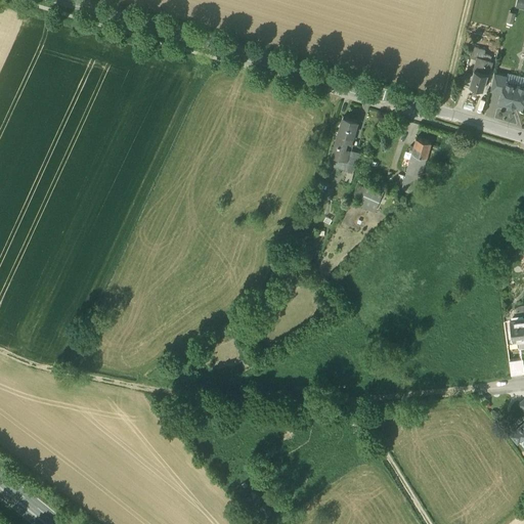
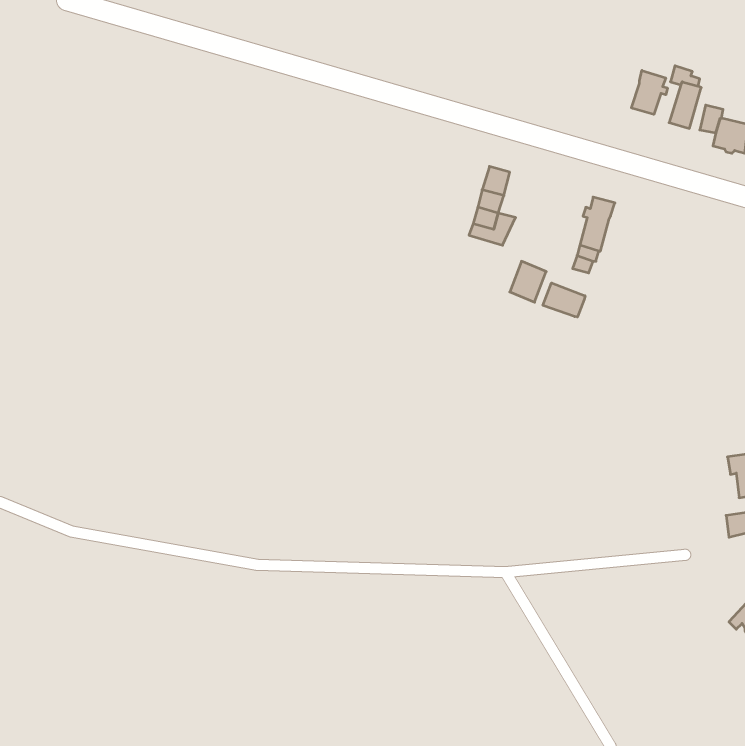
building: none -> [631,70,667,114]
building: none -> [543,283,585,317]

